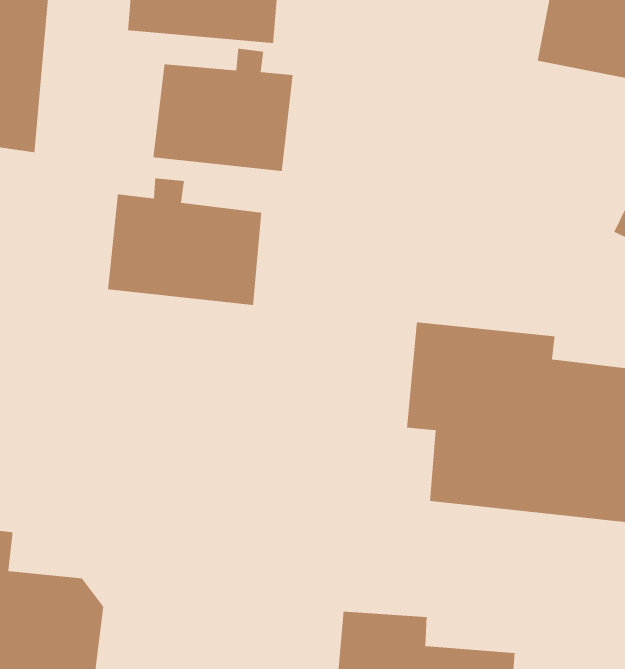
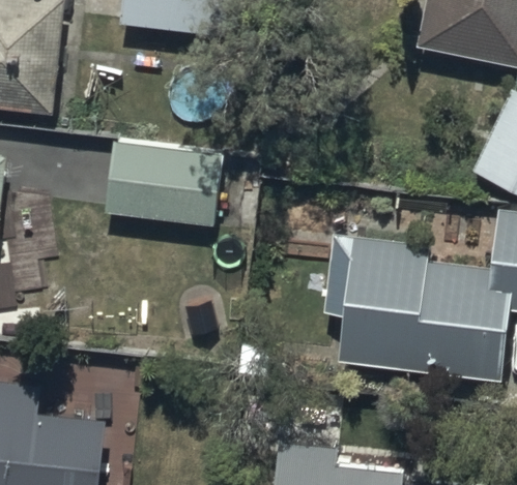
building: [152,48,293,172] -> none

